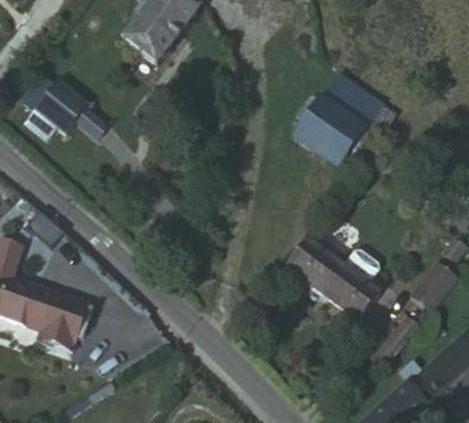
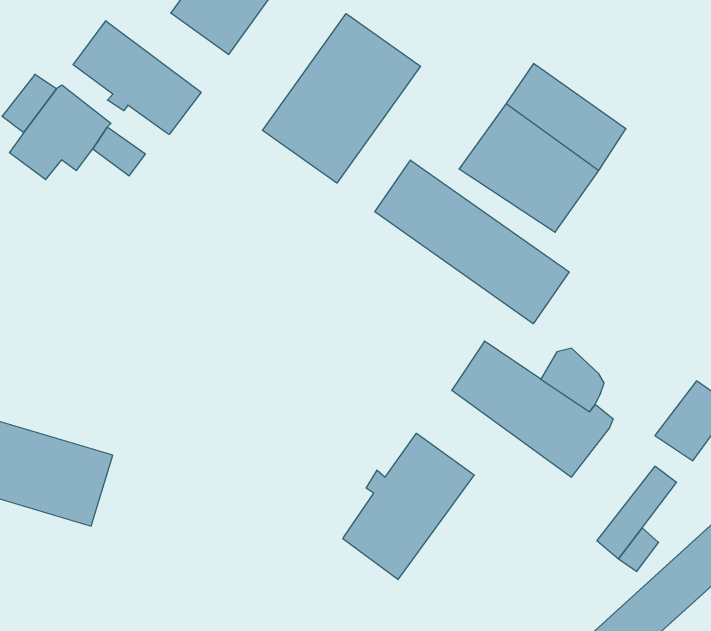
building: none -> [263,14,421,183]
building: none -> [73,21,201,134]
building: none -> [375,160,569,324]
building: none -> [343,433,474,580]

